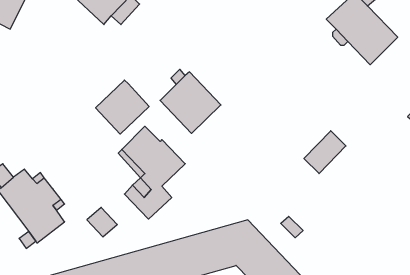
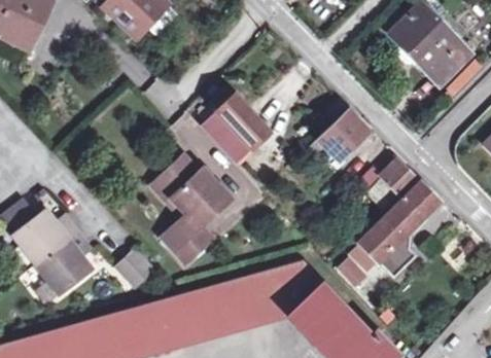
building: [96,80,149,134] -> none
building: none -> [311,110,366,171]
building: none -> [350,183,437,278]

